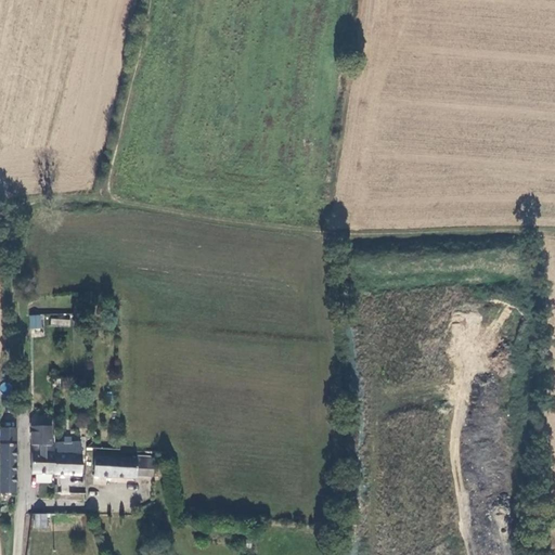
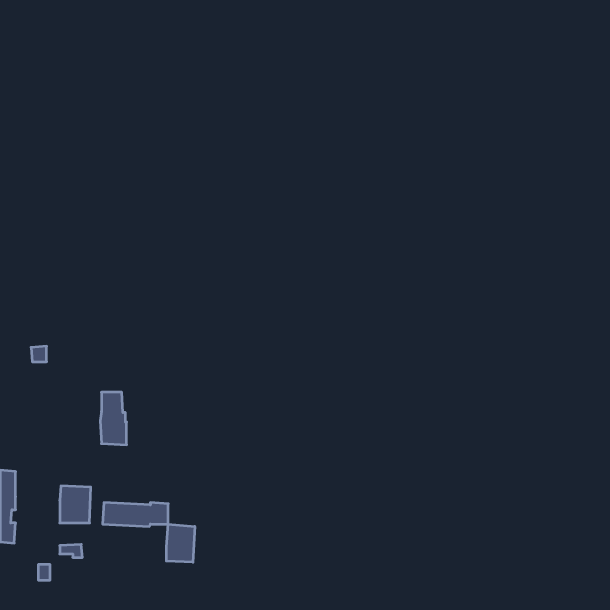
building: [30,427,54,475] -> [100,392,127,445]
building: none -> [166,524,195,562]

